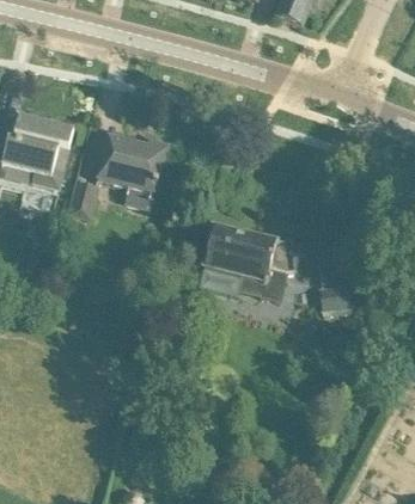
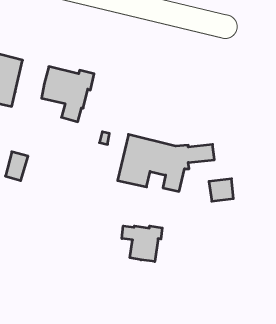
building: [68,180,98,219] -> [5,152,28,181]
building: none -> [122,226,162,262]

